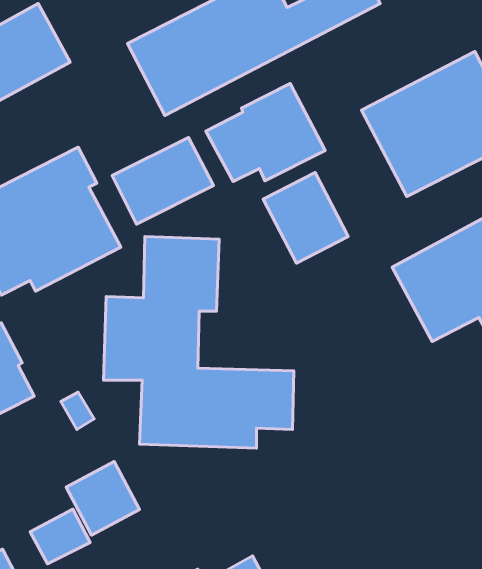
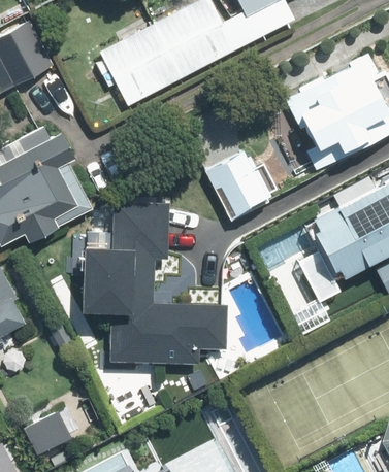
building: [206,83,325,181] -> none
building: [112,138,213,224] -> none
building: [66,461,140,535] -> none

